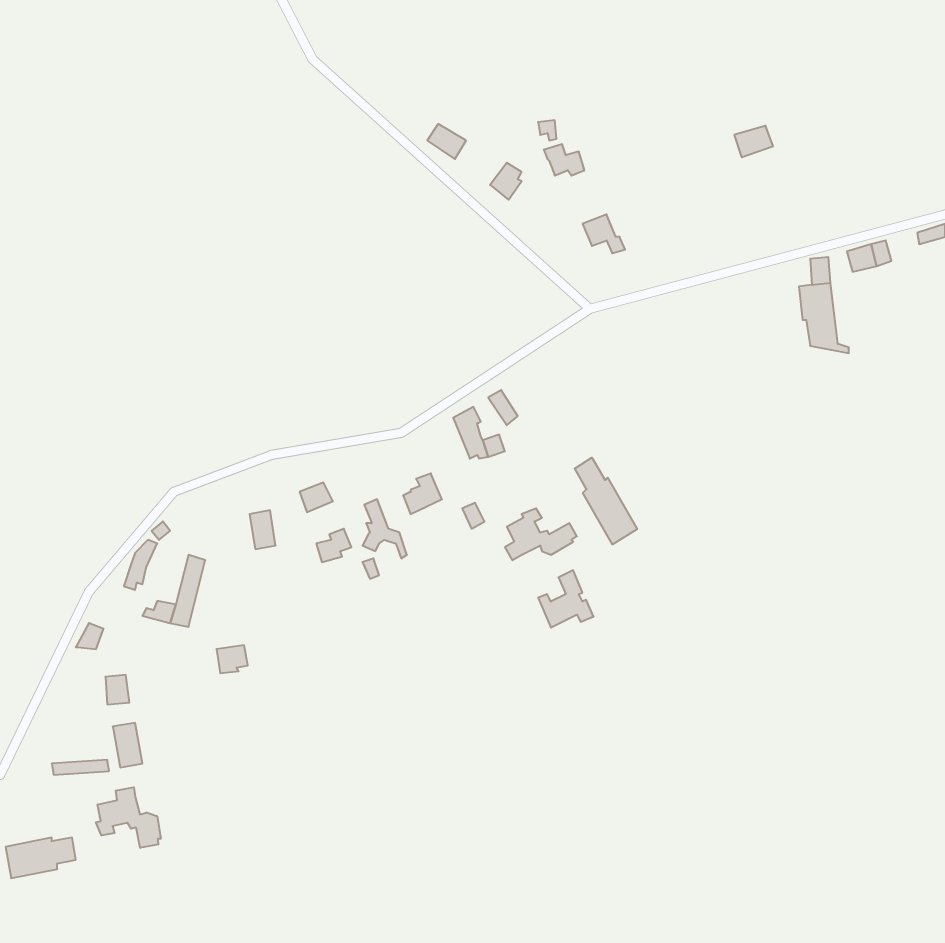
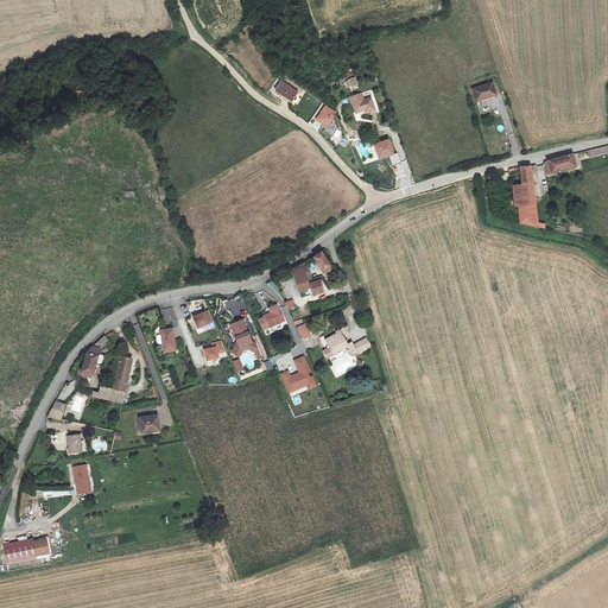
building: [575,458,637,544] -> none
building: [538,570,594,628] -> [281,355,317,392]
building: [96,787,161,848] -> none

